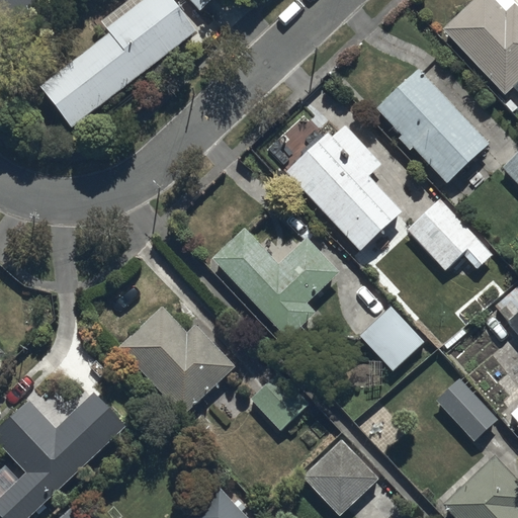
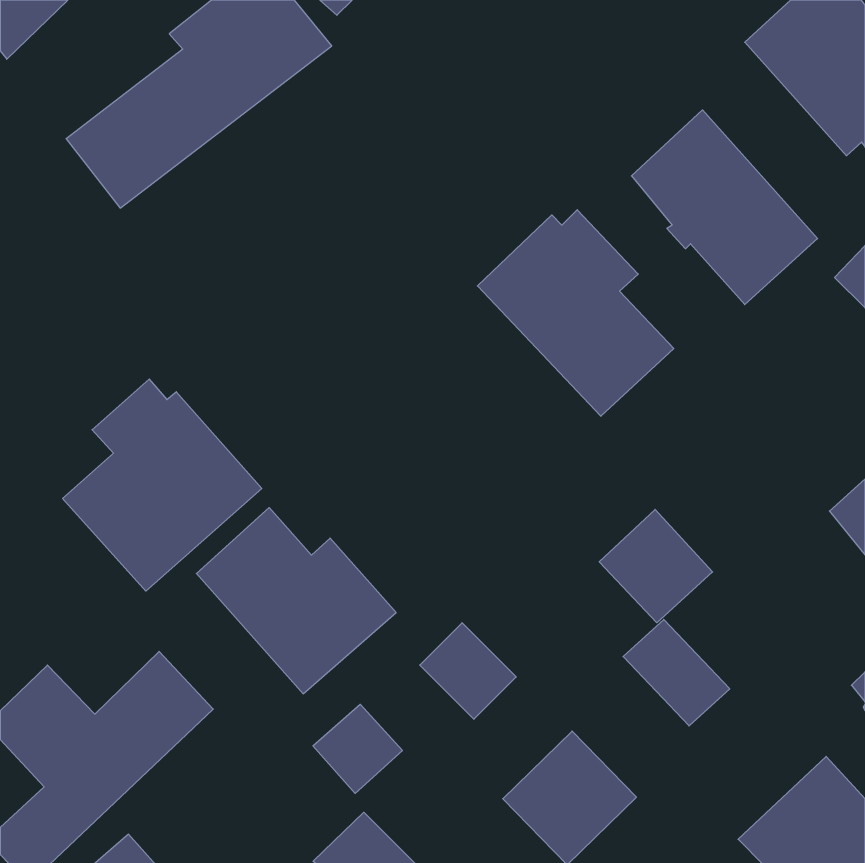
building: [407,197,496,272] -> none
building: [211,226,340,339] -> none
building: none -> [63,379,262,591]
building: [436,377,500,441] -> [623,619,730,726]
building: none -> [313,704,402,793]

